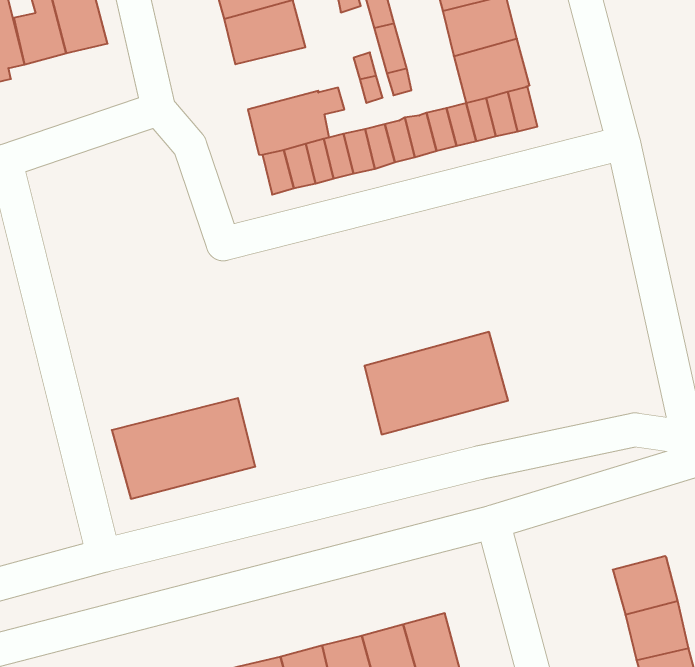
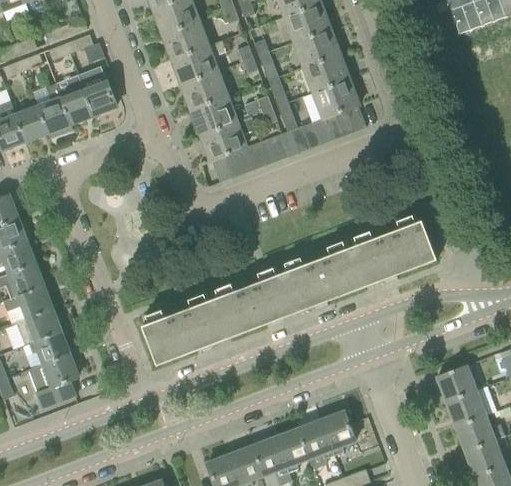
building: none -> [190,96,239,135]
building: none -> [351,221,435,285]
building: none -> [212,274,296,338]

